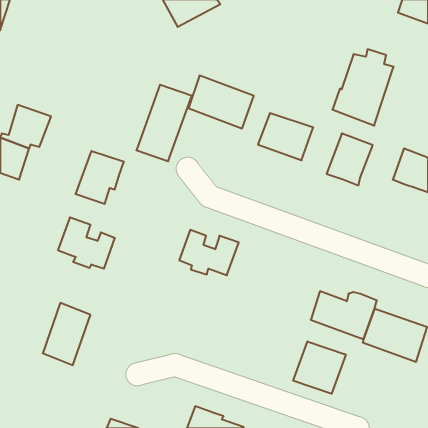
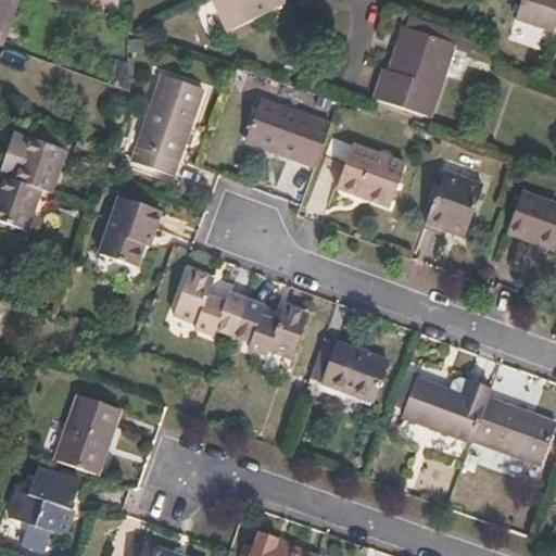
building: [332,49,394,126] -> [374,18,453,117]
building: [136,85,192,161] -> [129,76,201,175]
building: [58,217,115,269] -> [173,270,247,337]
building: none -> [320,341,390,400]
building: [293,341,346,394] -> none
building: none -> [7,468,77,548]

